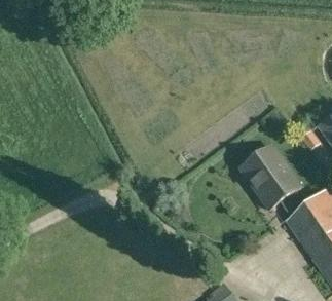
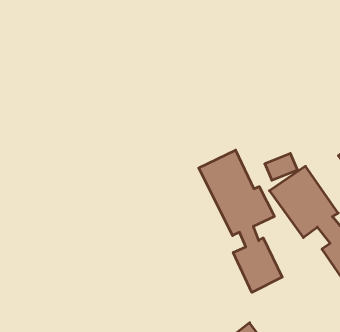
building: none -> [199,150,282,292]

